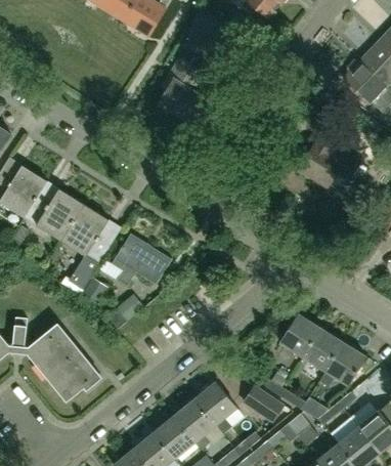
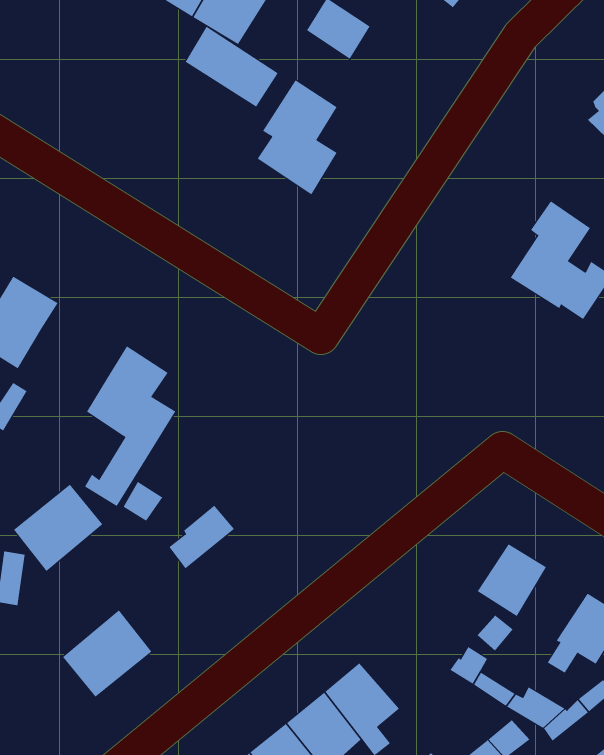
building: none -> [185,26,278,107]
building: [25,188,85,242] -> none
building: [112,237,173,287] -> none
building: [303,329,342,370] -> none
building: [31,330,81,379] -> [13,484,103,572]
building: [243,385,286,423] -> none

